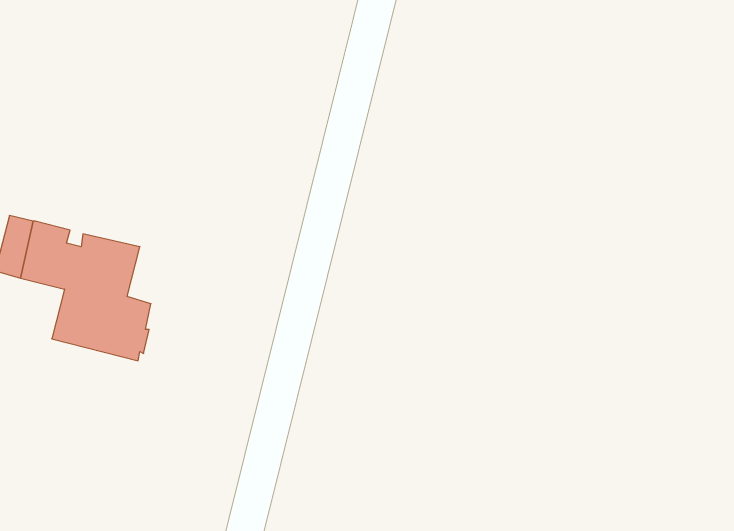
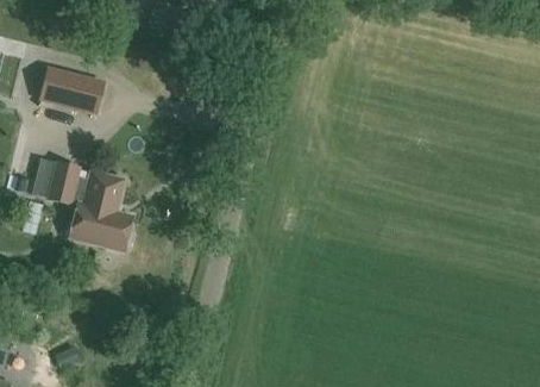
building: none -> [39,67,102,111]

